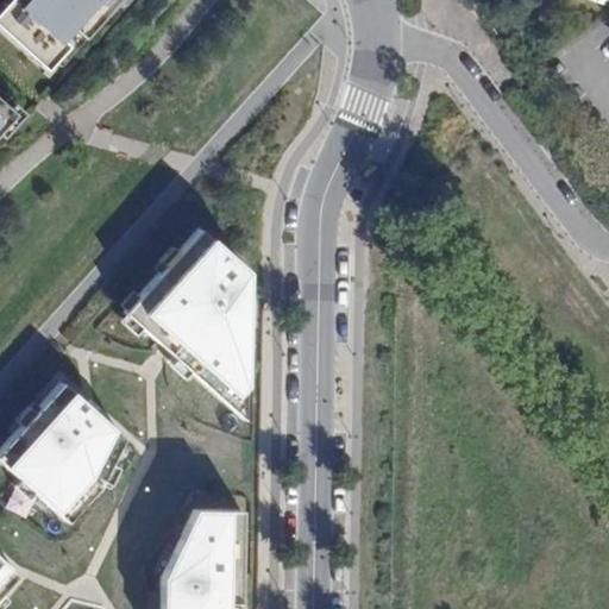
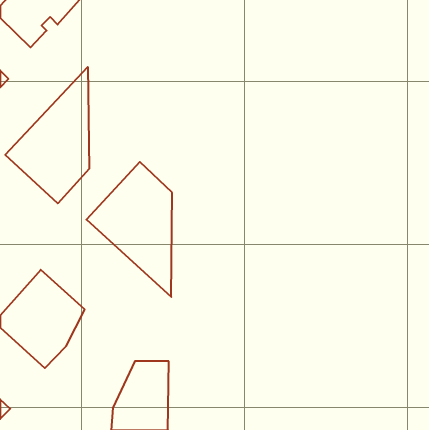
building: none -> [5,67,89,203]

